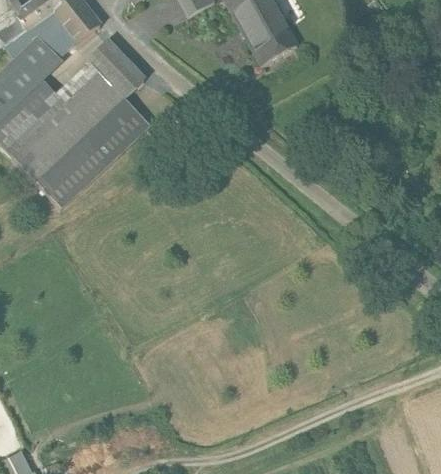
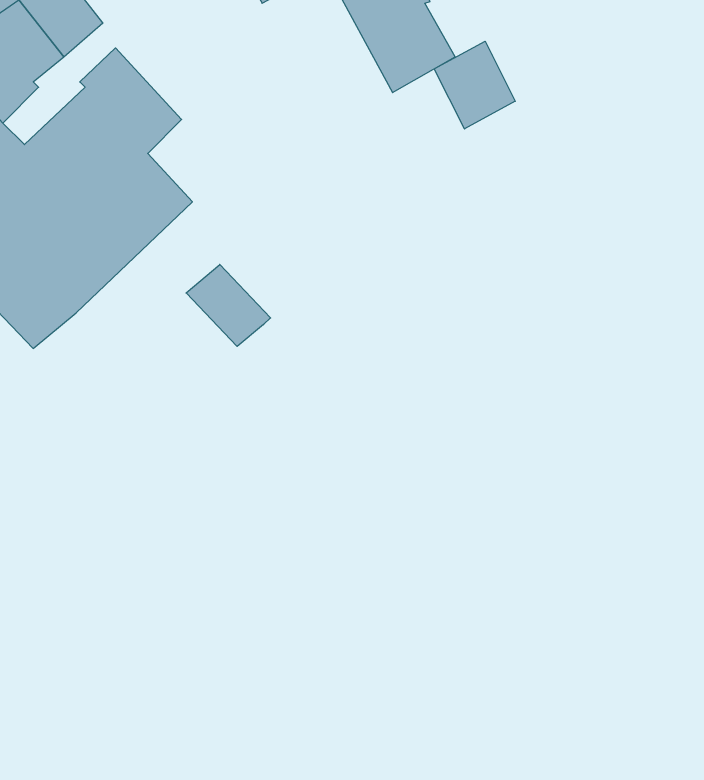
building: none -> [434,41,515,129]
building: none -> [186,264,271,346]

